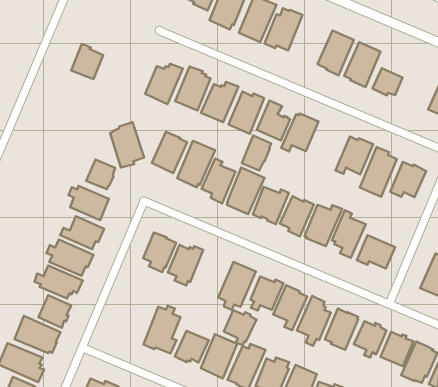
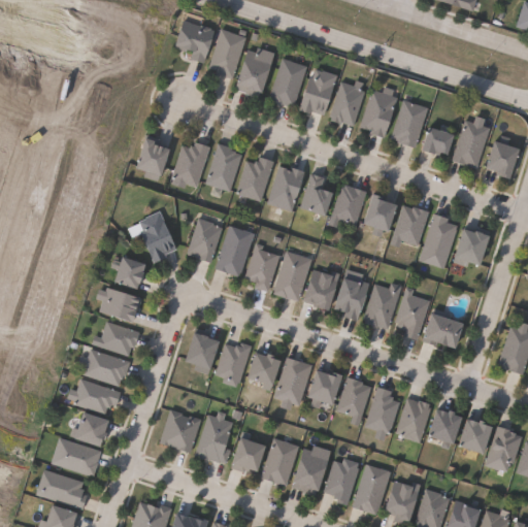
building: none -> [330,80,366,127]
building: [71,44,103,79] -> [136,136,170,174]
building: none -> [452,114,491,168]
building: none -> [365,193,399,236]
building: [242,135,271,171] -> none
building: none -> [159,409,201,455]
building: [224,310,256,345] -> [248,352,283,390]

